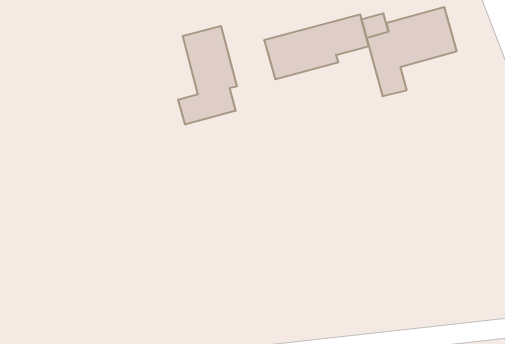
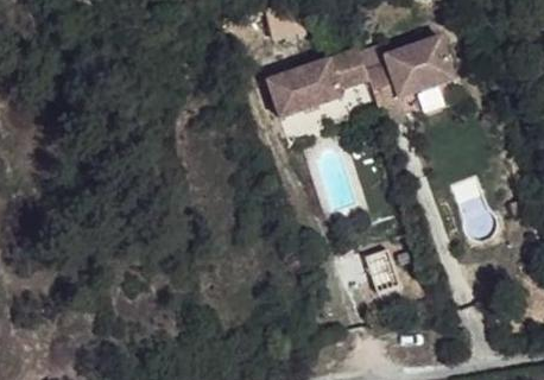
building: [178,26,237,125] -> none

